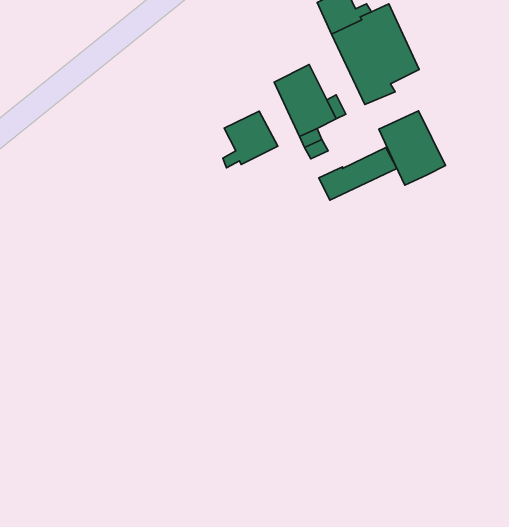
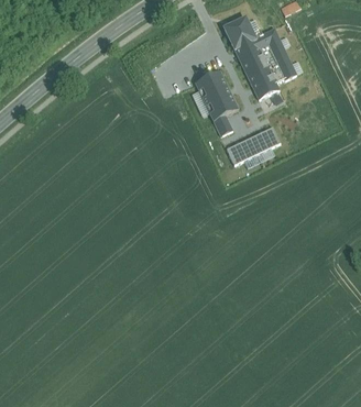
building: [379,111,446,185] -> none
building: [223,111,278,168] -> none

